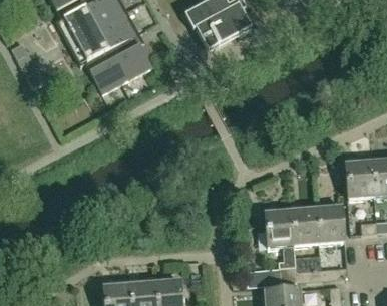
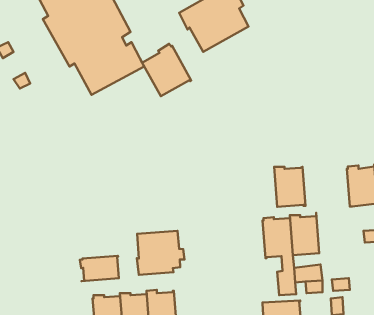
building: none -> [141,44,191,96]
building: [316,205,346,243] -> [274,167,306,207]
building: none -> [137,231,184,275]
building: none -> [80,256,119,281]

